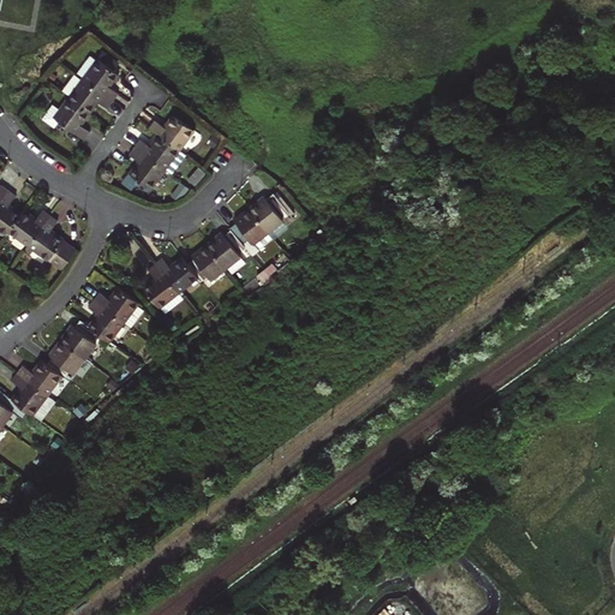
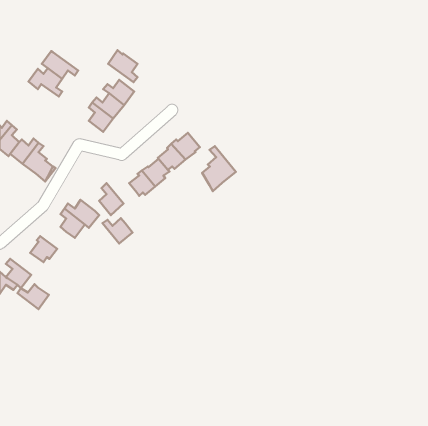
building: [76,60,118,106] -> [108,50,138,82]
building: none -> [202,146,236,191]
building: [153,259,196,295] -> [102,218,133,243]
building: [58,322,95,360] -> none
building: [14,362,59,398] -> [18,284,49,309]

